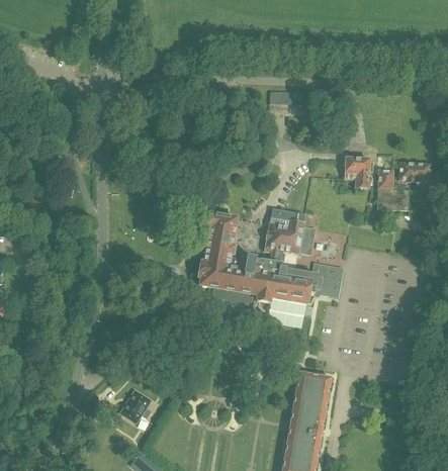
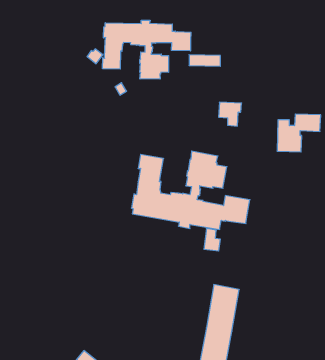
building: none -> [103,20,191,79]
building: [345,160,373,189] -> [219,102,242,126]
building: [120,391,151,423] -> none

